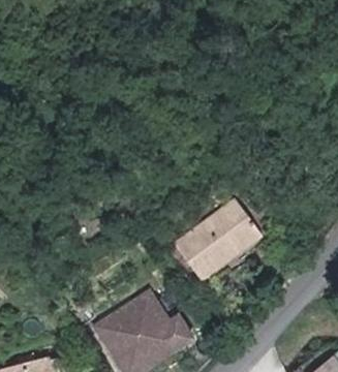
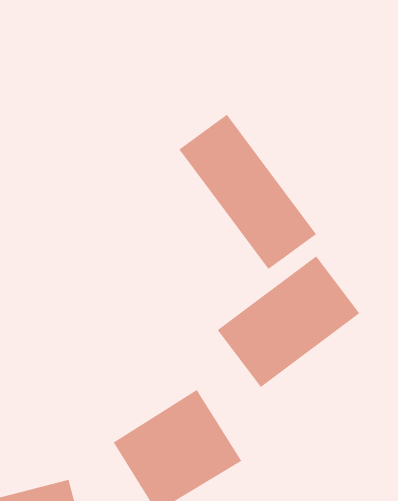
building: none -> [178,114,317,270]

